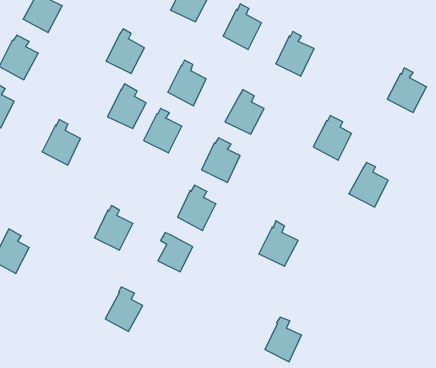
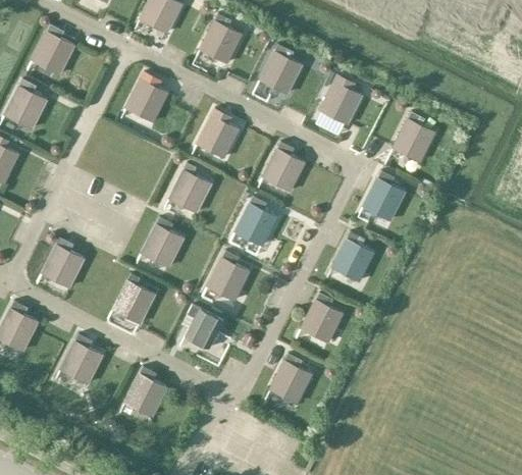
building: [387,68,427,113] -> [390,112,435,163]
building: [108,84,146,129] -> [140,217,184,268]
building: [42,120,80,165] -> [40,238,84,289]
building: [349,162,388,207] -> [329,232,374,283]
building: none -> [59,334,101,384]
building: [265,317,302,362] -> [269,354,311,405]

